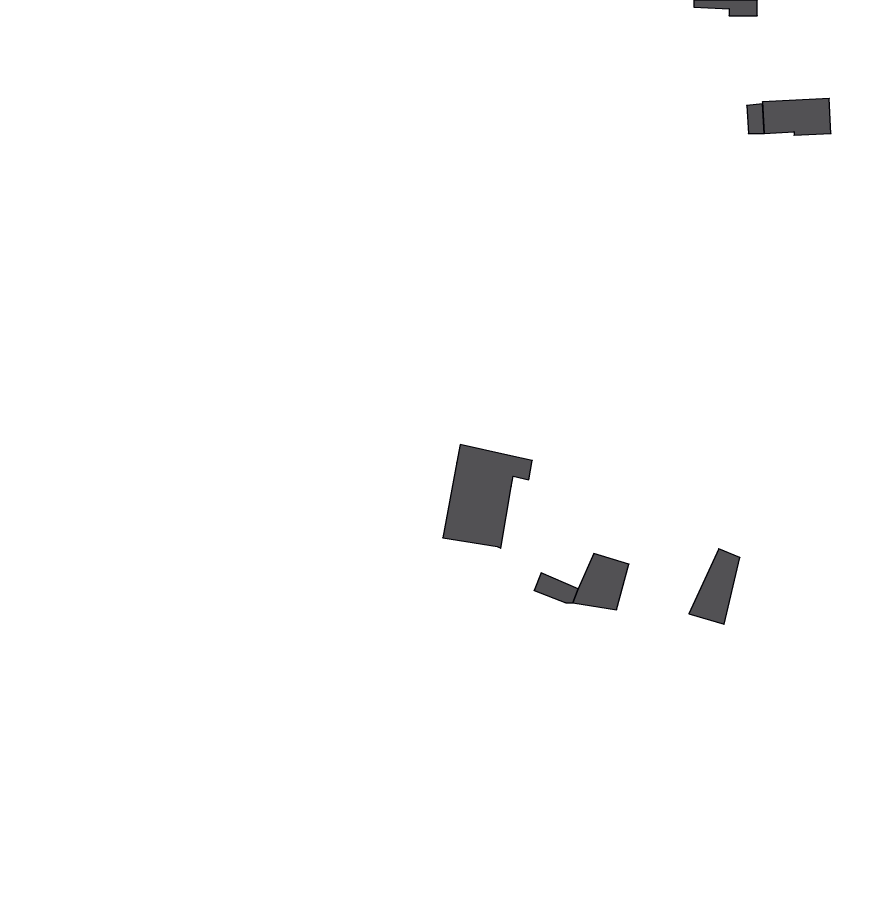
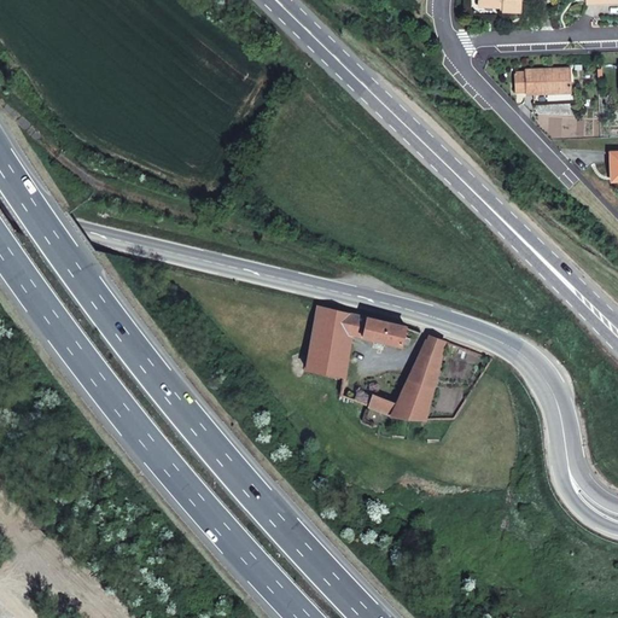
building: none -> [362,316,409,348]
building: [689,549,740,624] -> [408,336,443,387]

